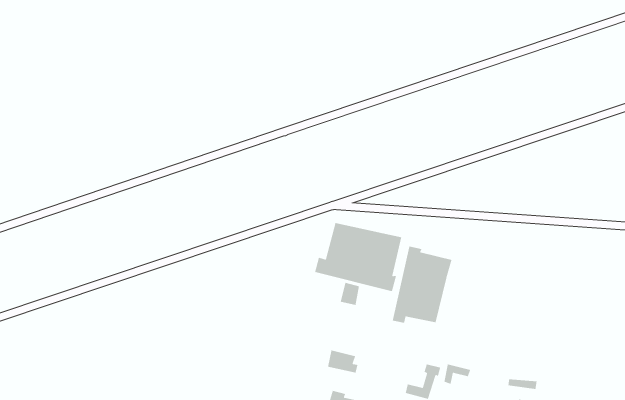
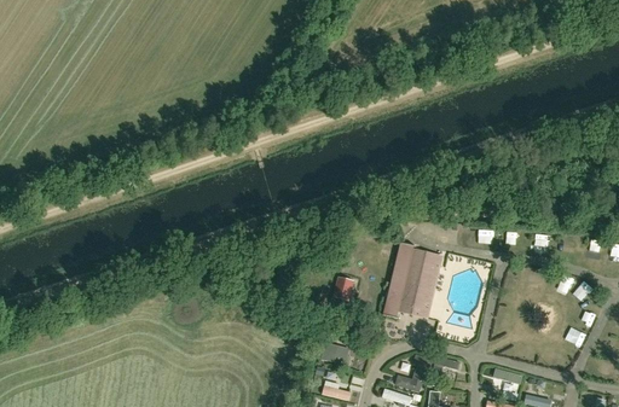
building: [314,222,402,293] -> none

